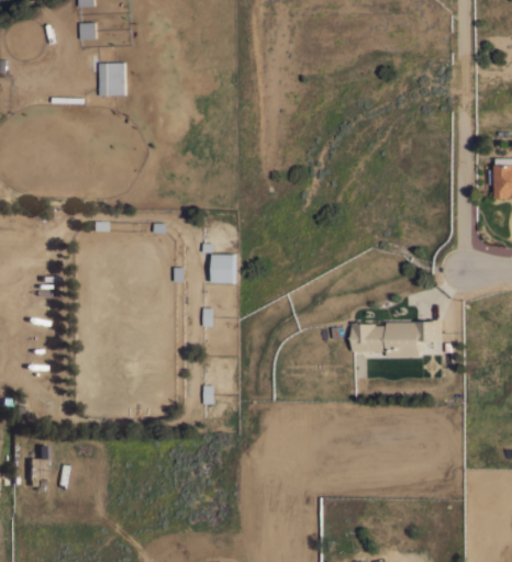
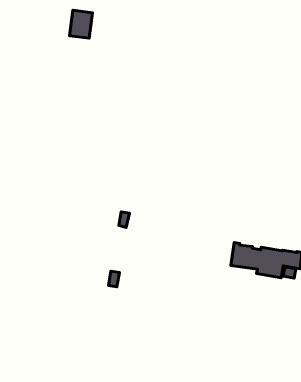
building: [213,255,235,283] -> none

